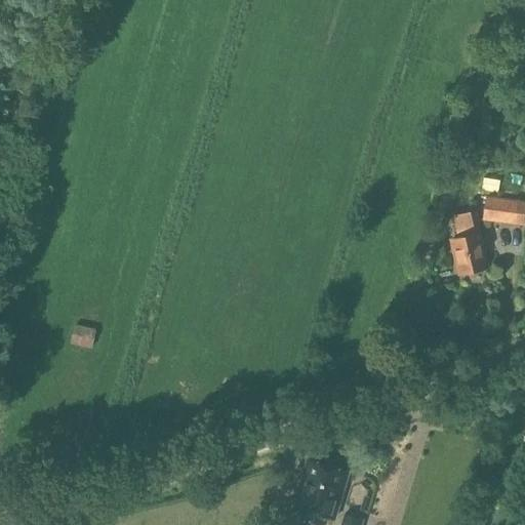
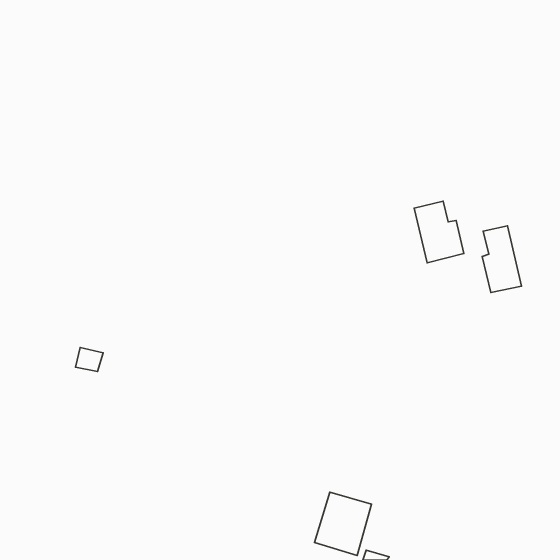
building: none -> [414,201,464,263]
building: [483,197,519,225] -> none

